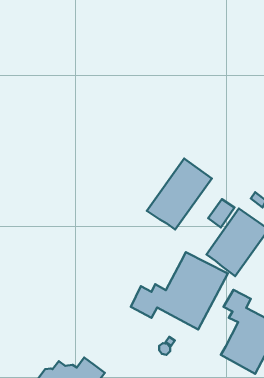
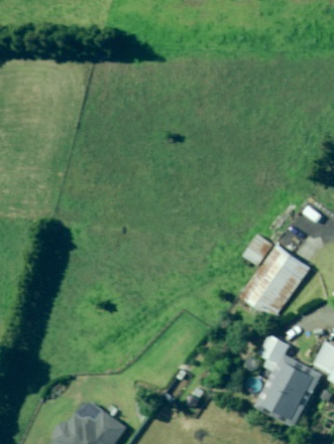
building: [147,159,212,229] -> none
building: [131,252,228,329] -> none

